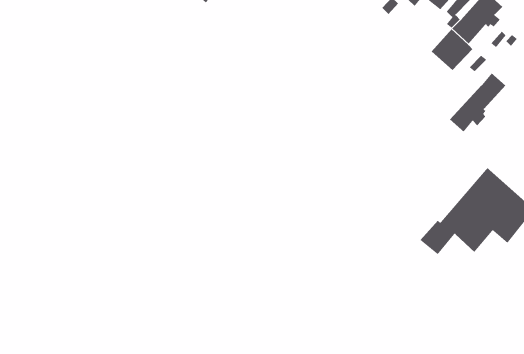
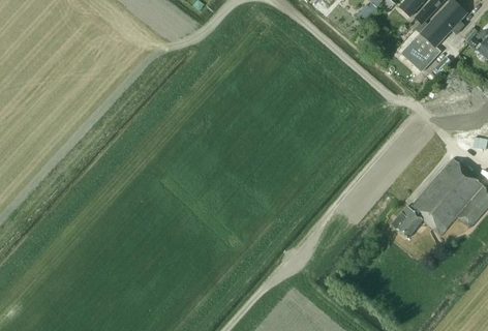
building: [449,73,506,132] -> none

